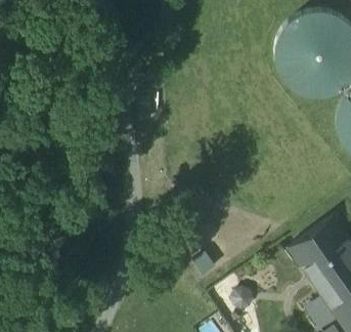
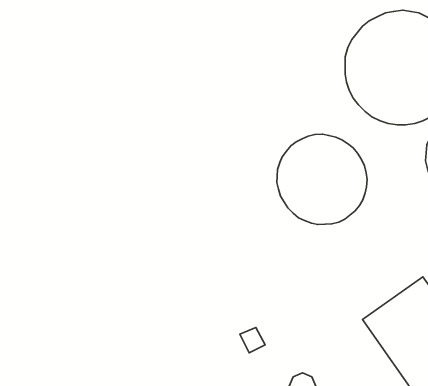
building: none -> [277,134,367,225]

